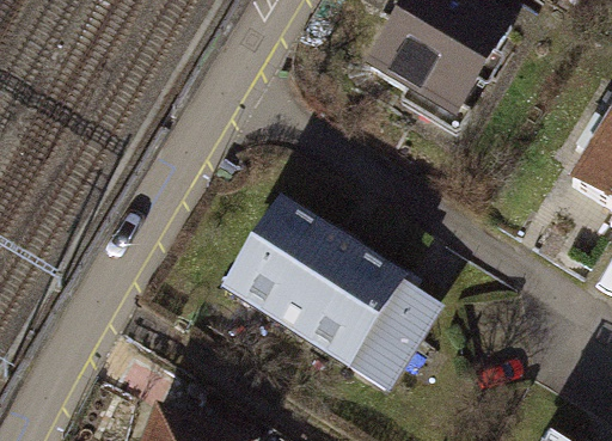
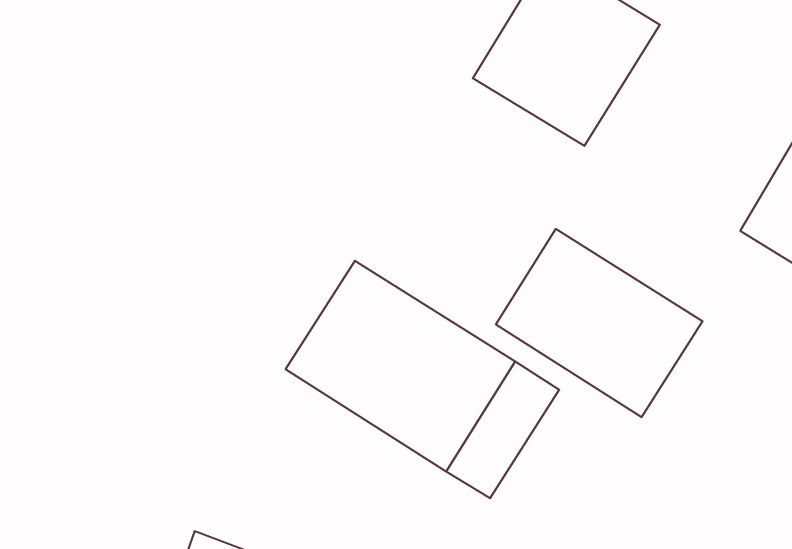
building: none -> [496,229,703,417]

